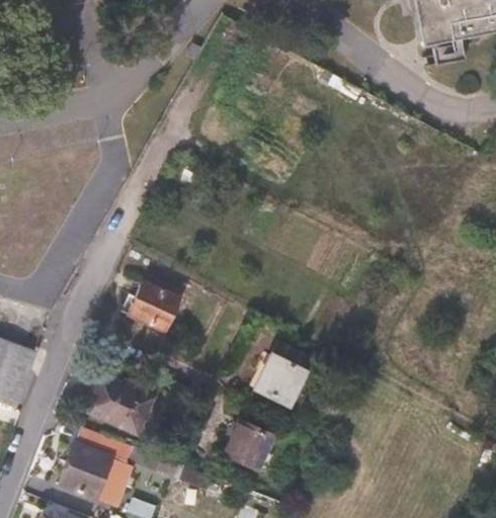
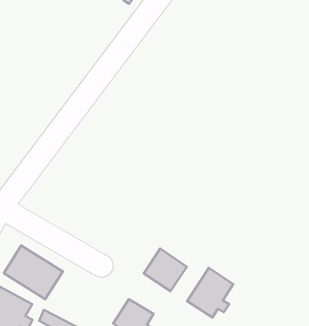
building: [130,281,181,333] -> none
building: none -> [187,268,233,318]

